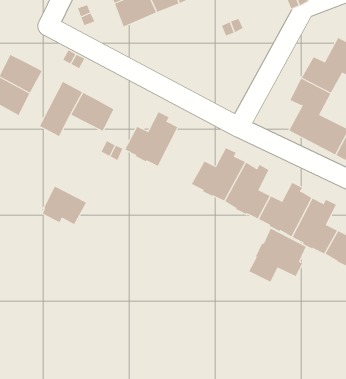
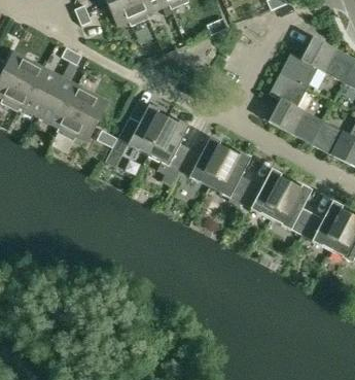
building: none -> [21,66,61,116]
building: none -> [148,117,190,170]
building: [42,186,87,225] -> [57,106,98,142]
building: [249,228,307,282] -> none

